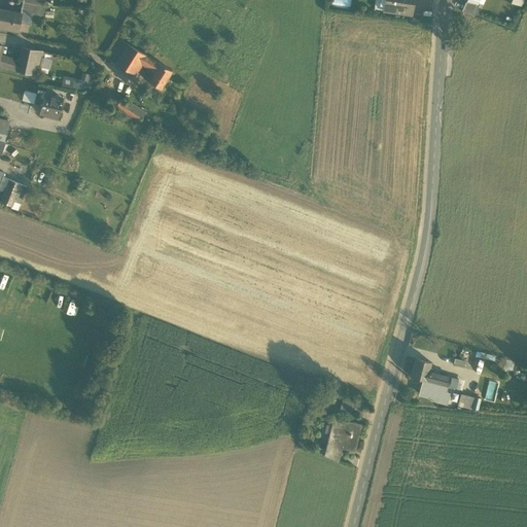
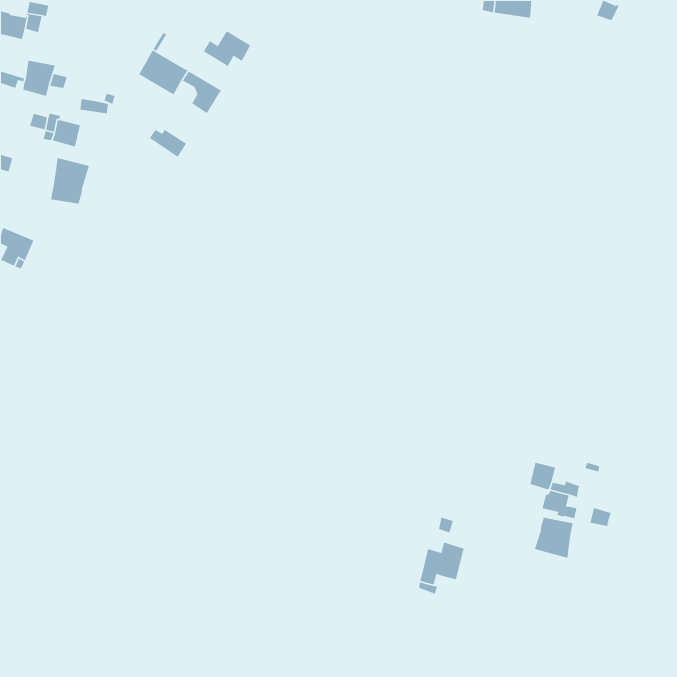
building: none -> [203,30,251,67]
building: none -> [50,157,90,204]
building: none -> [534,517,574,559]

